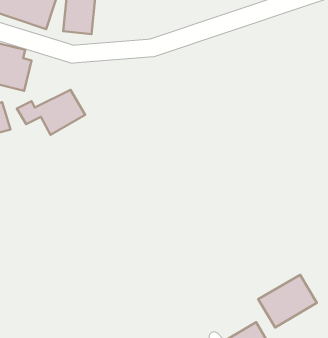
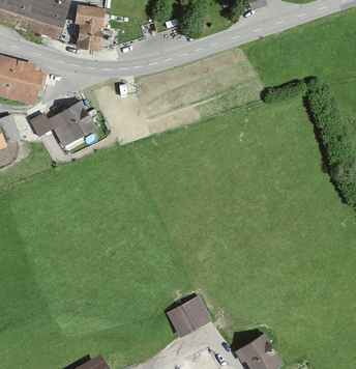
building: [258,275,317,327] -> none
building: none -> [167,296,211,337]

